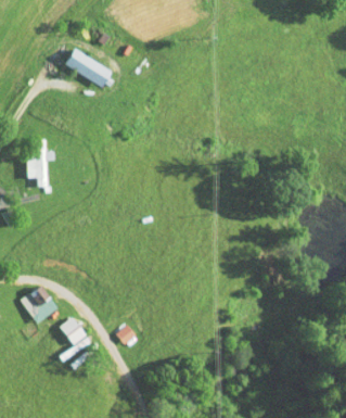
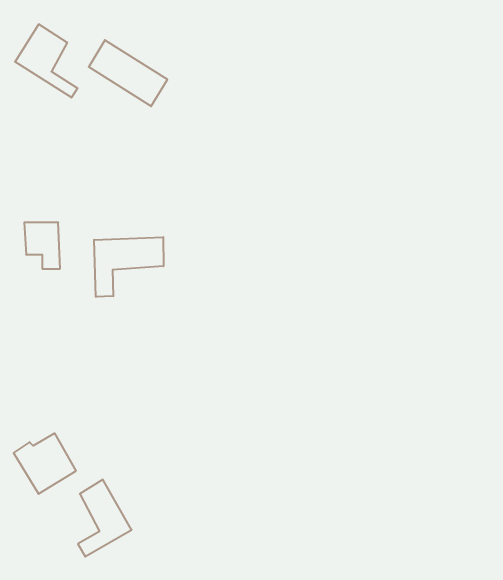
building: none -> [15,24,77,98]
building: none -> [94,237,163,297]

